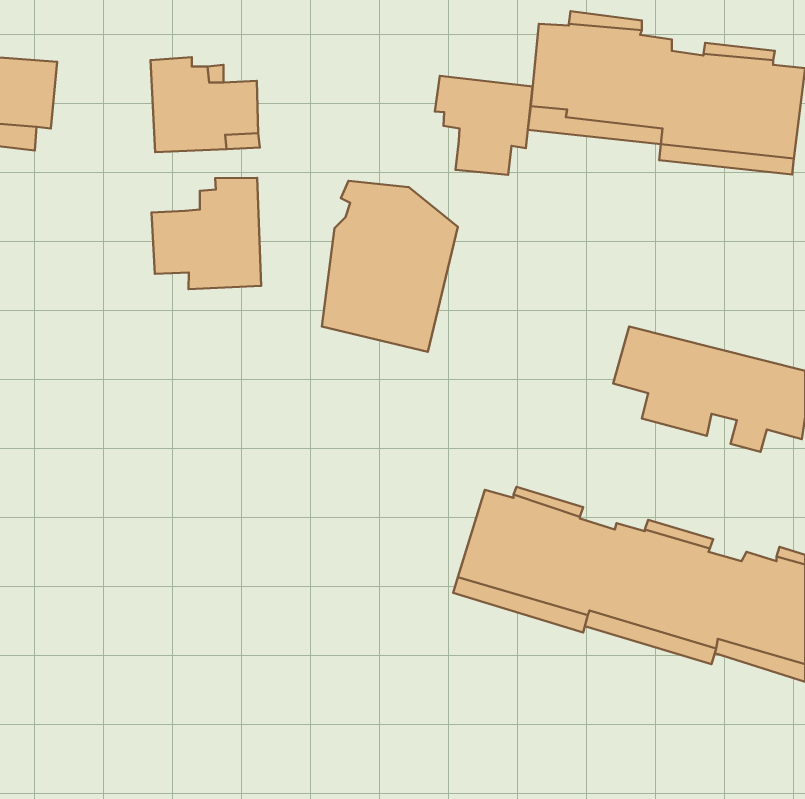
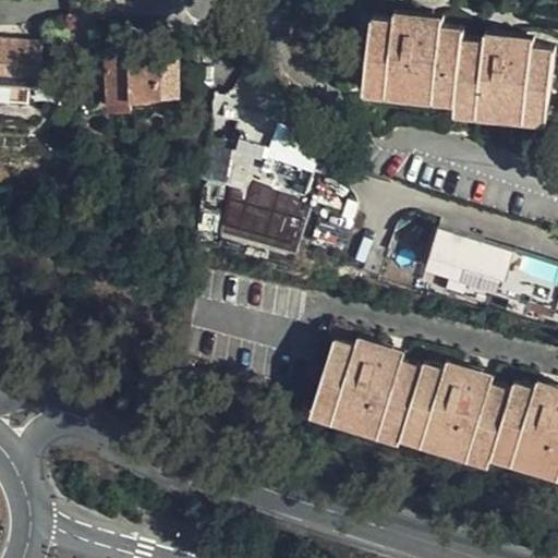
building: [435,76,532,175] -> none
building: [151,178,261,289] -> none

